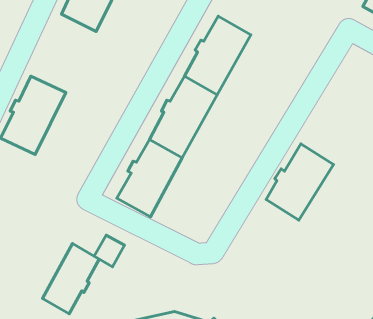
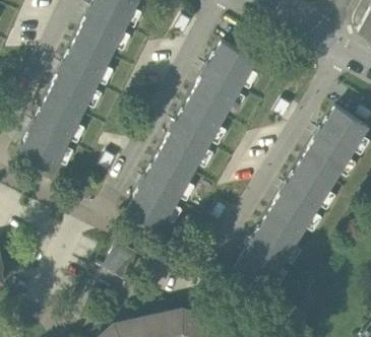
building: none -> [49,41,110,114]
building: none -> [301,110,364,181]
building: none -> [232,213,299,291]
building: [42,244,99,314] -> none

